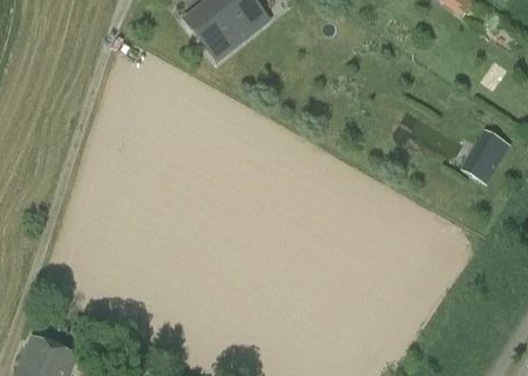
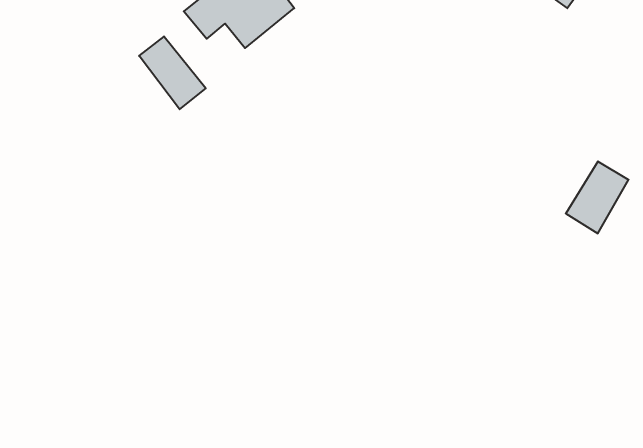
building: none -> [139,36,206,109]

